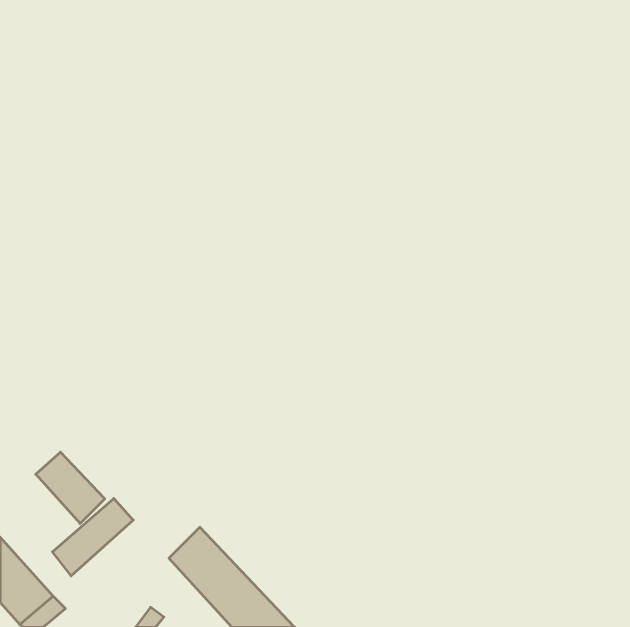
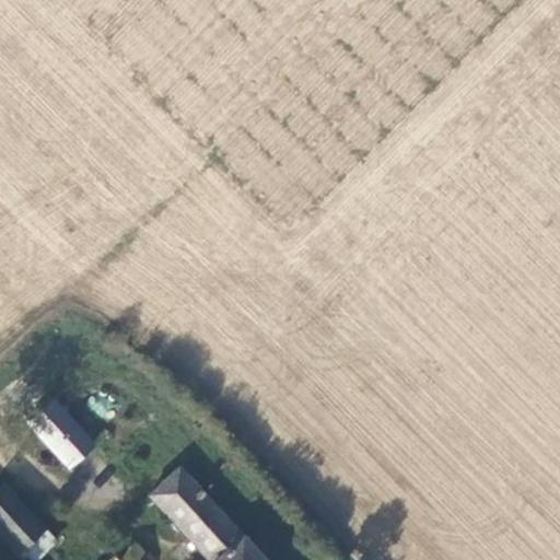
building: [52,498,133,576] -> none

